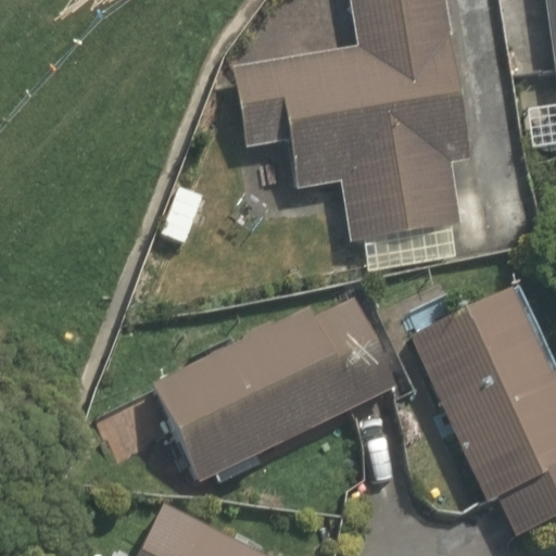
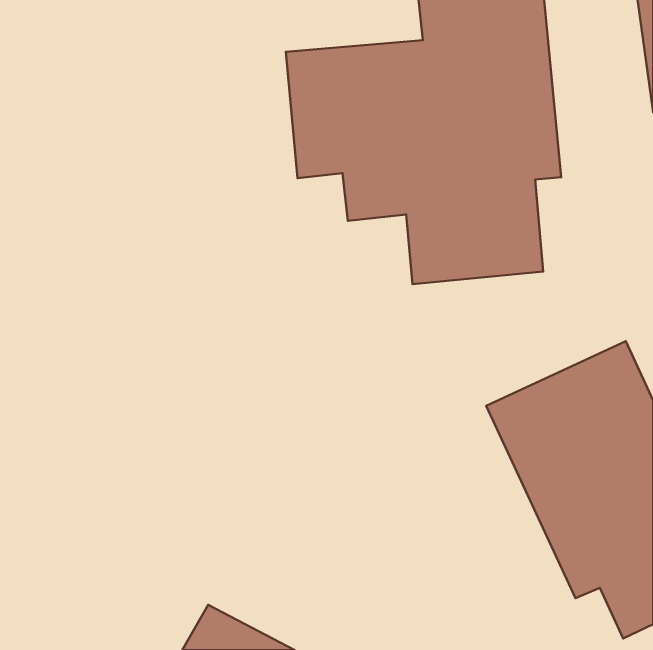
building: [157,293,406,482] -> none

